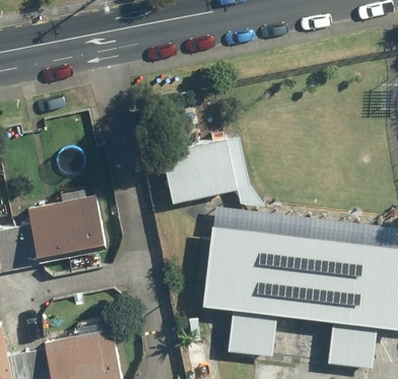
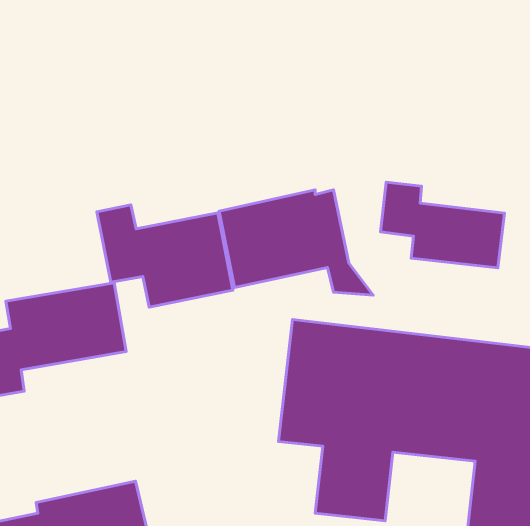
building: none -> [380,182,505,268]
building: none -> [97,205,233,307]

